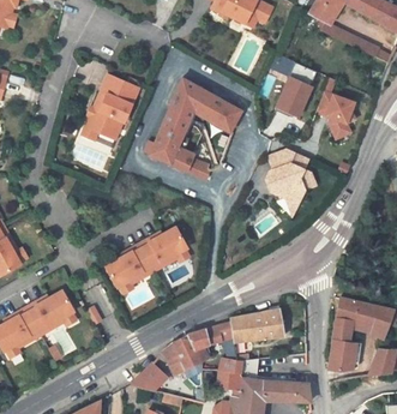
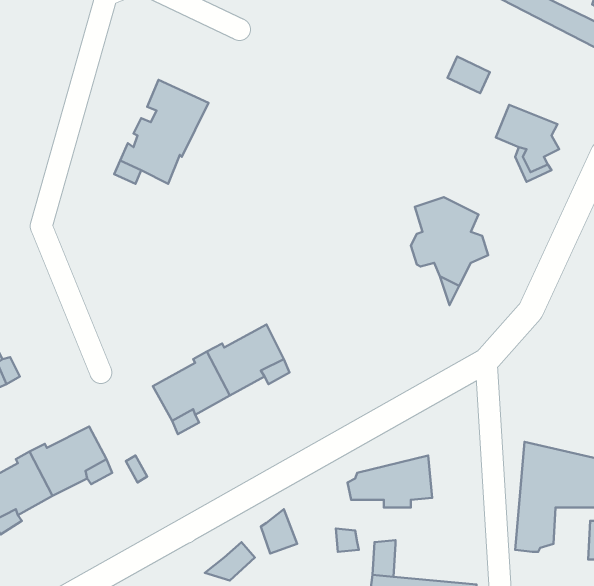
building: [146,76,237,182] -> none
building: [276,79,312,120] -> none
building: [185,326,227,365] -> none

